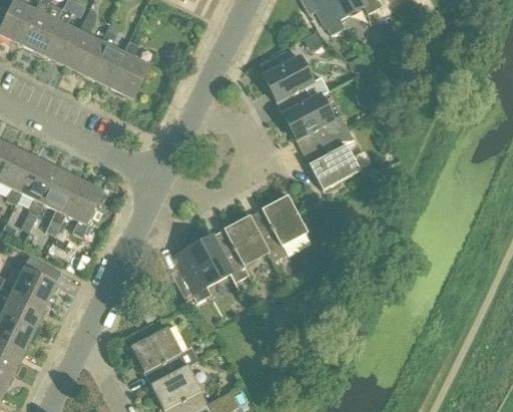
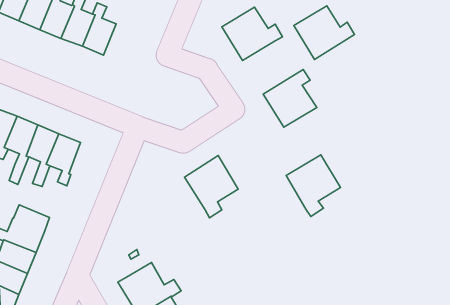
building: [283,94,348,151] -> [294,6,354,59]
building: [249,194,308,261] -> [286,155,340,216]
building: [171,236,231,300] -> none

